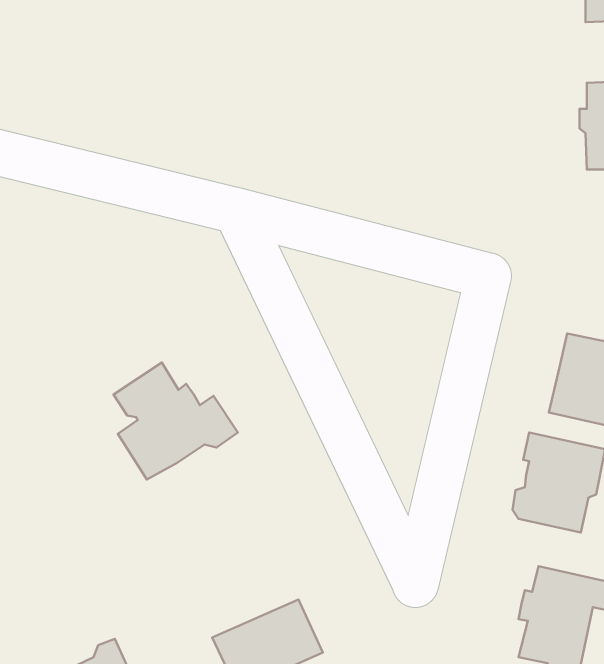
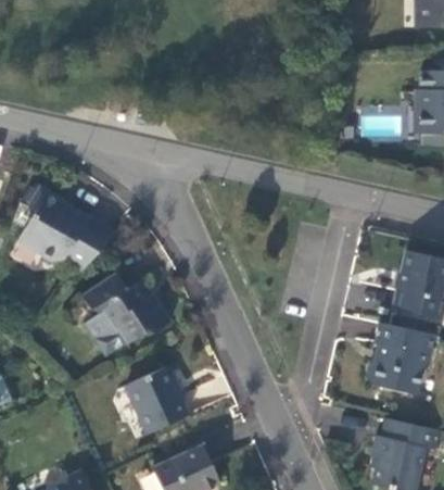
building: none -> [16,188,115,272]
building: none -> [127,368,189,435]

